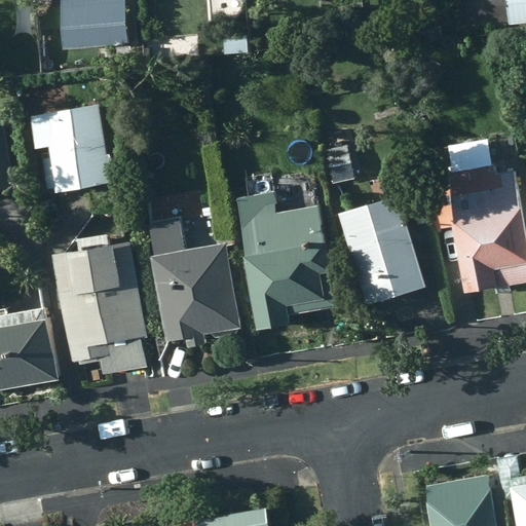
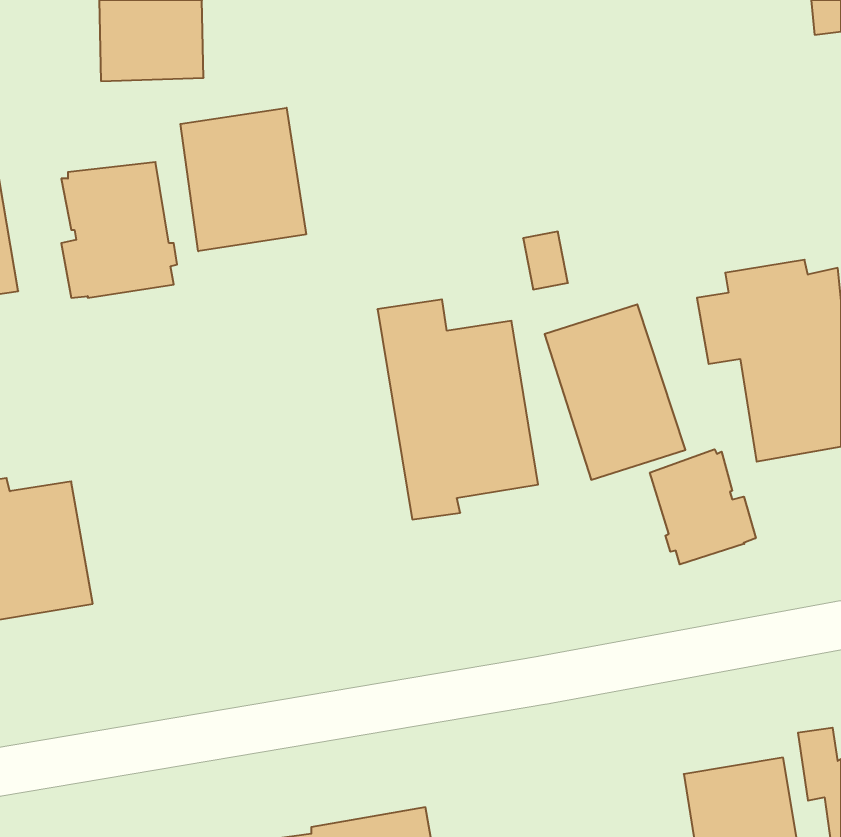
building: none -> [180,108,306,251]
building: [149,220,239,348] -> none
building: [50,234,146,375] -> none
building: none -> [650,449,756,564]

